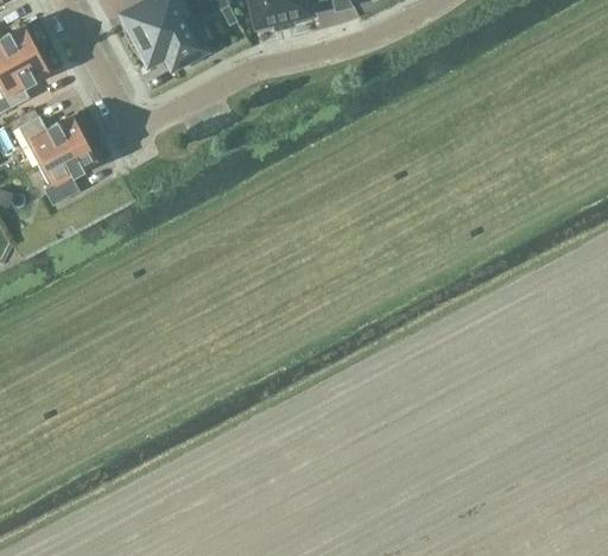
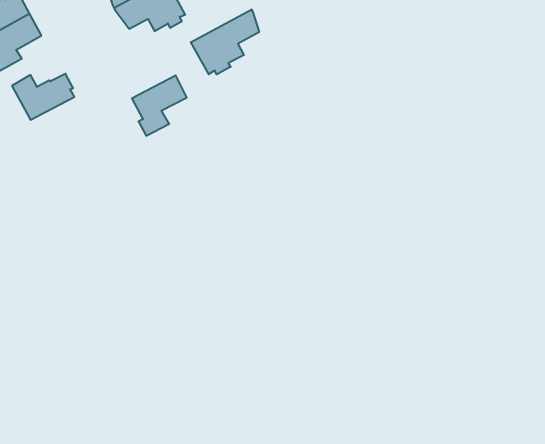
building: none -> [191,9,259,74]
building: [38,139,97,204] -> [132,75,187,136]

